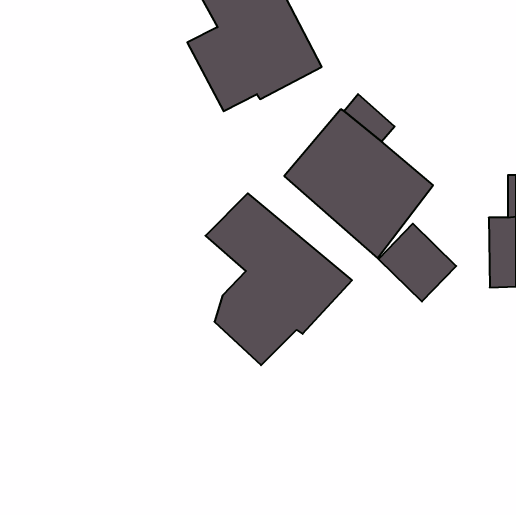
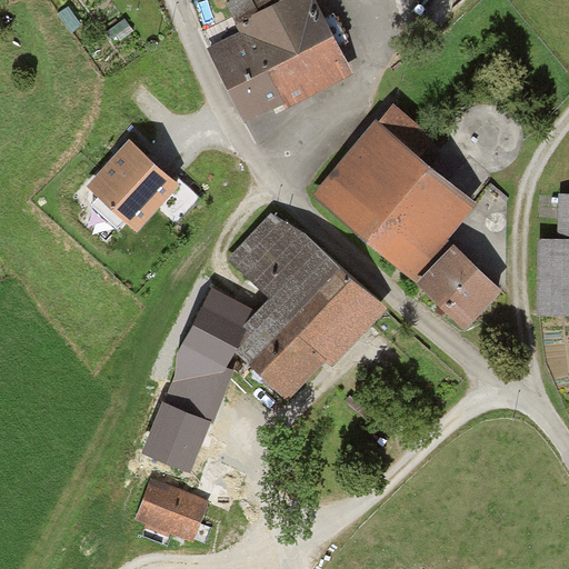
building: none -> [86,140,179,232]
building: none -> [144,288,250,471]
building: none -> [133,477,209,542]

